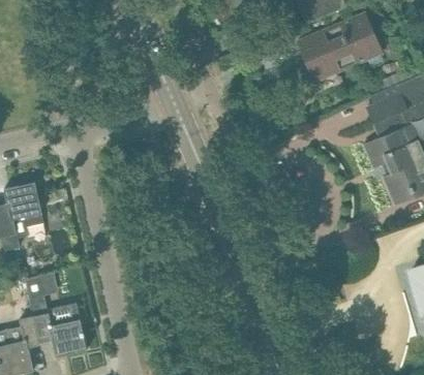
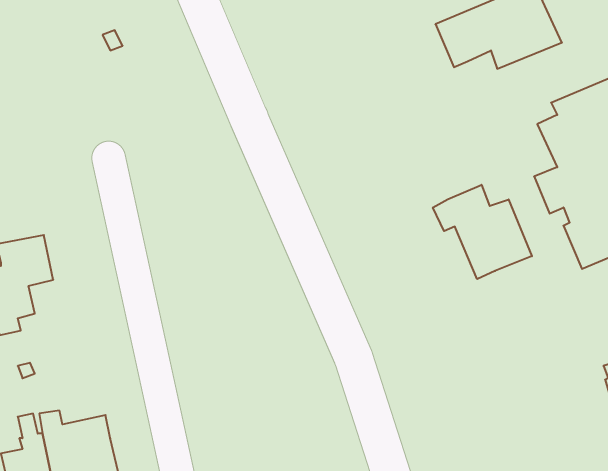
building: none -> [433,185,532,279]
building: [28,271,59,300] -> none

